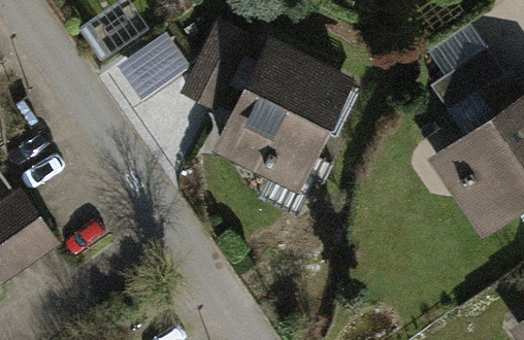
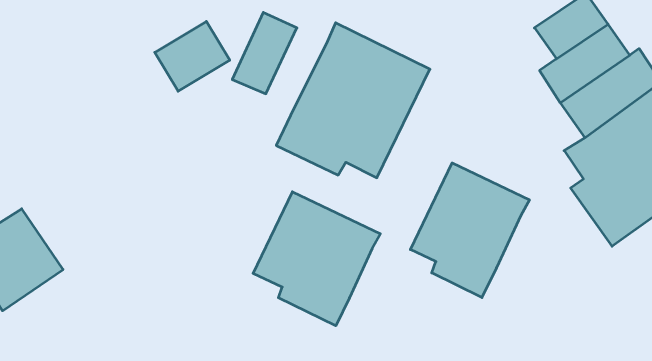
building: none -> [410,163,529,298]
building: none -> [253,192,380,326]

